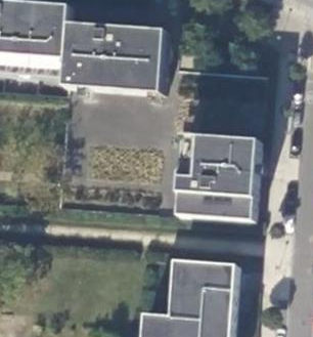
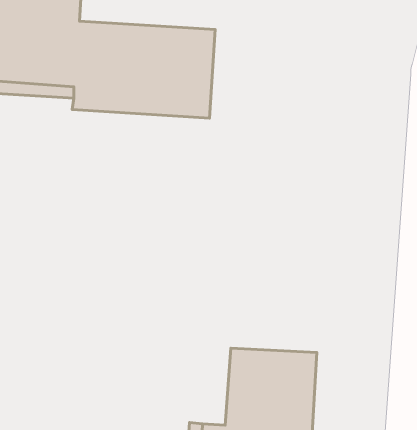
building: [177,130,257,215] -> none

